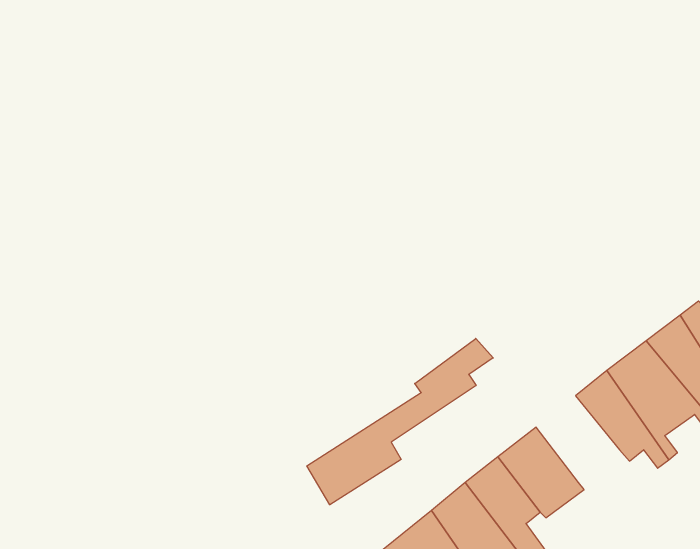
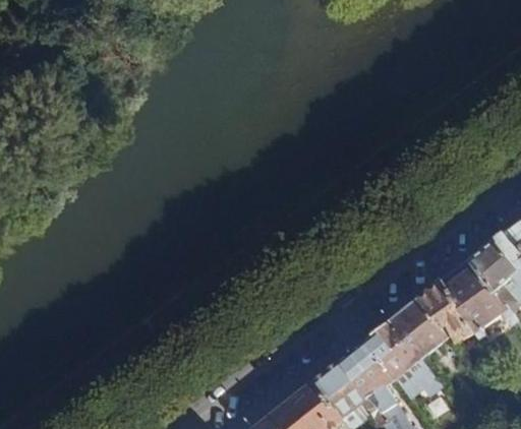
building: [307,338,493,505] -> none
building: none -> [391,297,451,359]

